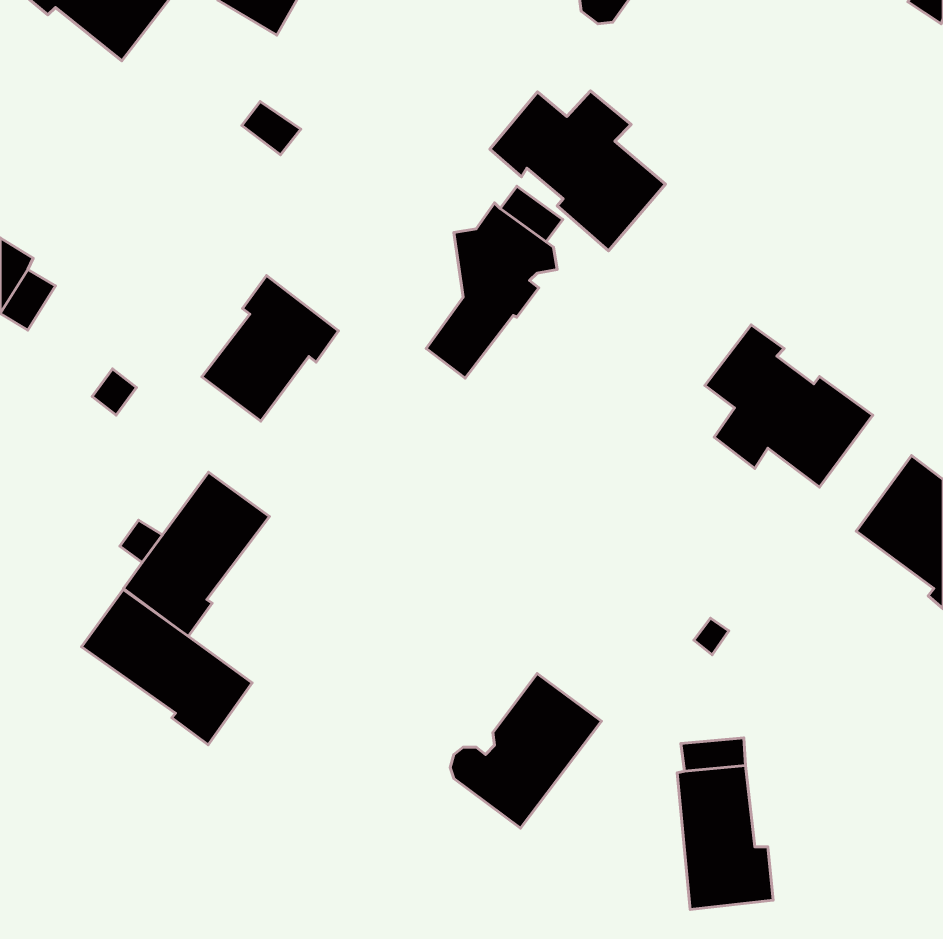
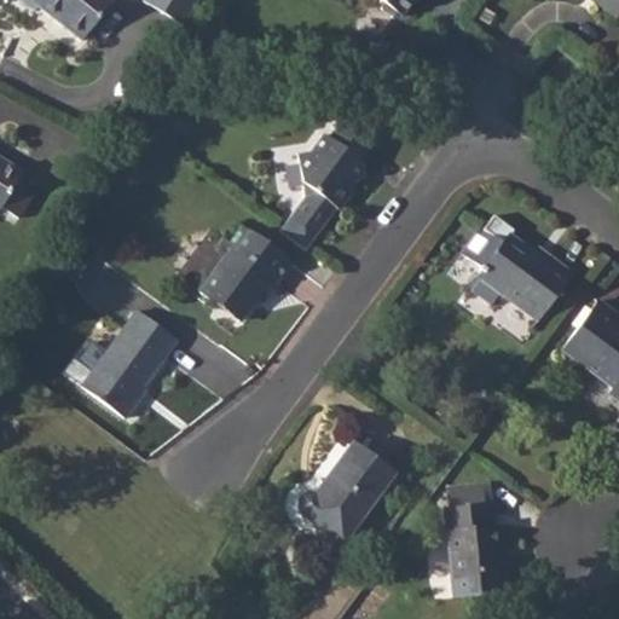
building: [490,91,665,251] -> none
building: [202,275,338,421] -> [199,224,289,319]
building: [81,590,252,745] -> none

